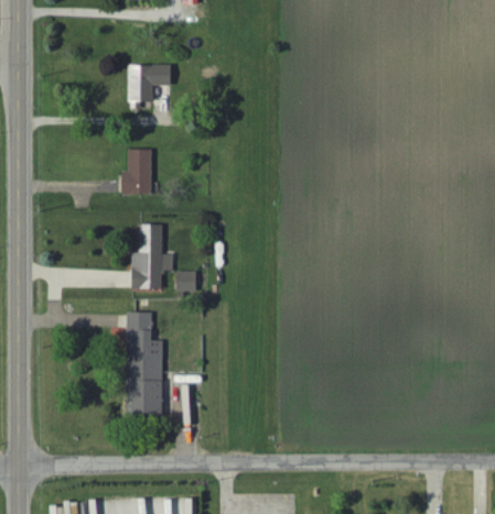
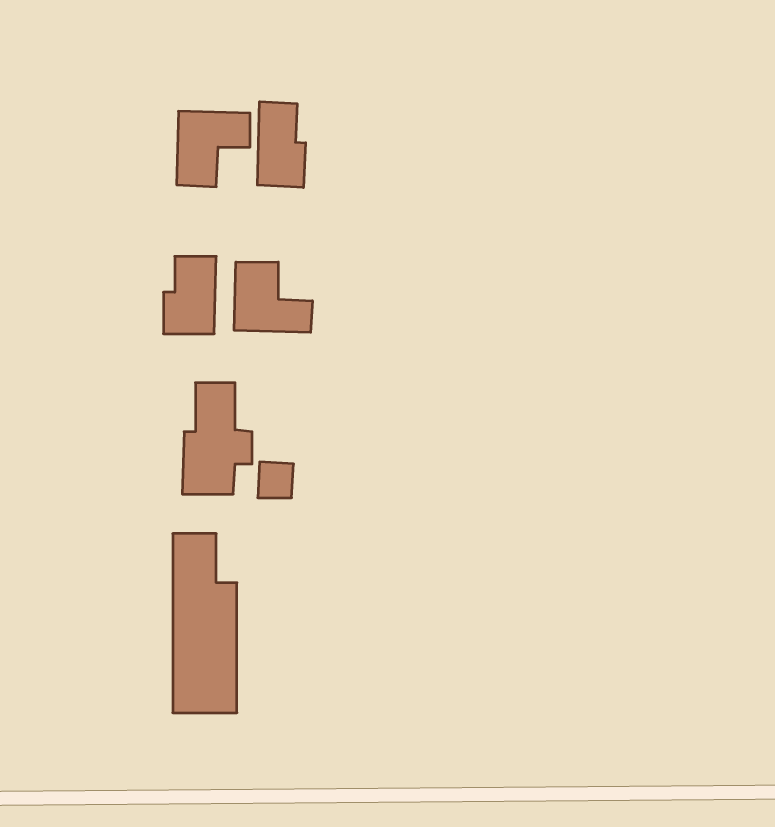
building: none -> [257,102,306,188]
building: none -> [234,262,312,332]

